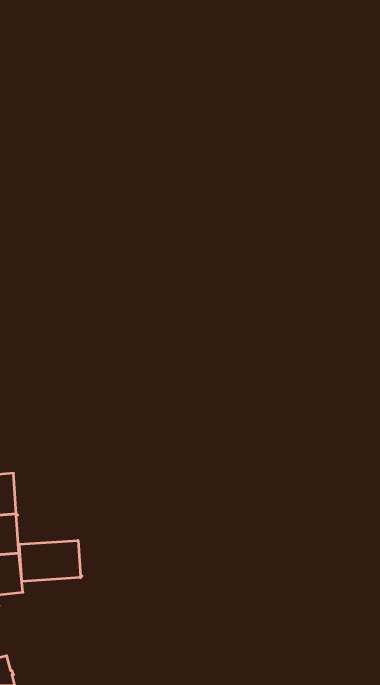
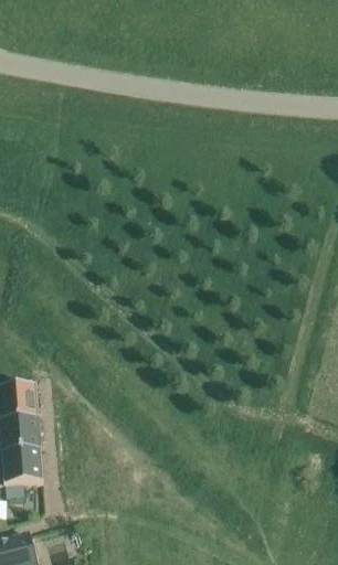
building: [19,540,82,581] -> none

